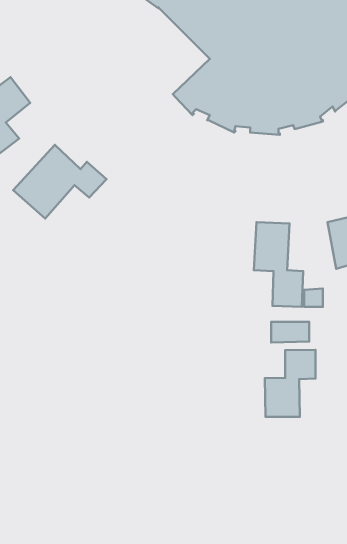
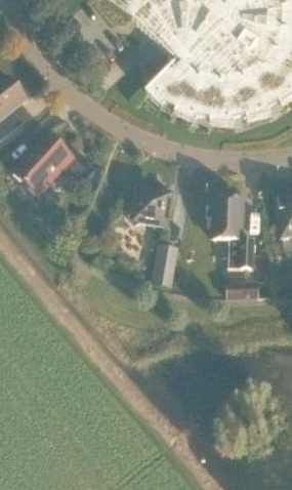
building: none -> [130,183,173,224]
building: none -> [151,241,179,286]
building: [265,350,316,417] -> none

